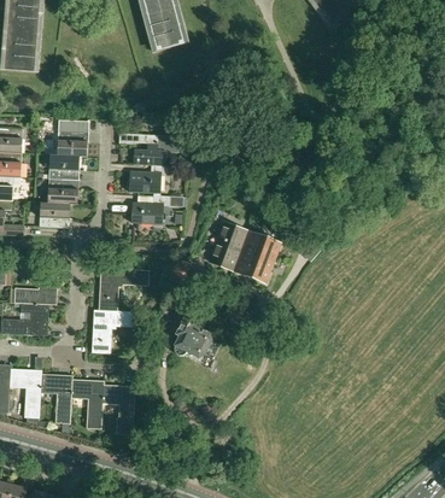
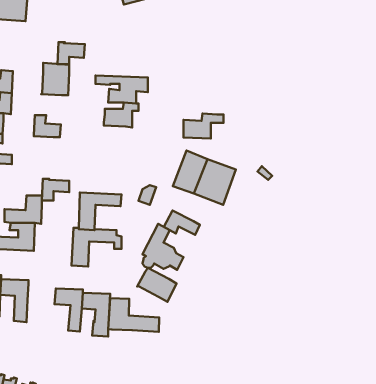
building: [48,153,80,178] -> [58,42,85,64]
building: [131,194,177,223] -> [184,114,223,139]
building: [39,201,70,227] -> [42,179,69,201]
building: none -> [164,210,200,235]
building: none -> [137,268,177,302]
building: [40,373,72,422] -> none
building: none -> [108,298,159,332]

